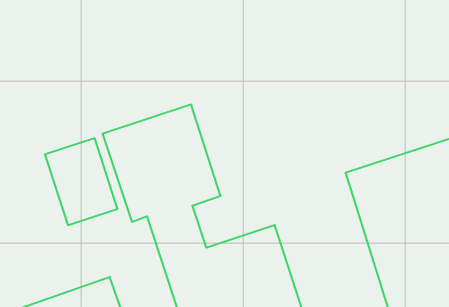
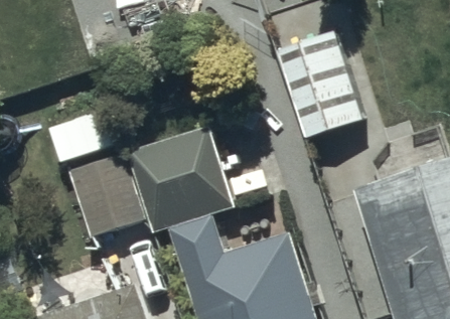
building: none -> [277,30,363,138]

